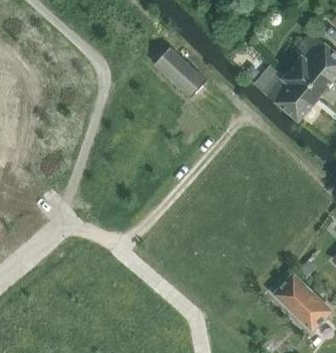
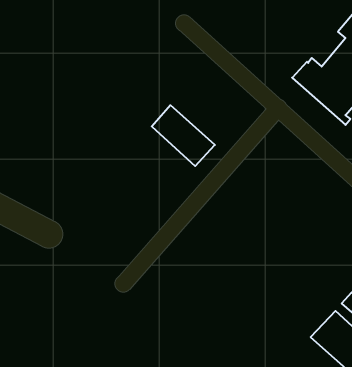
building: [154,47,205,97] -> [152,105,215,166]

